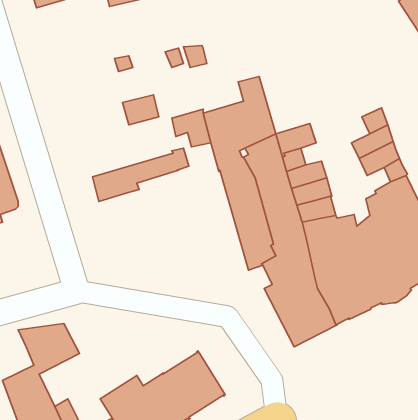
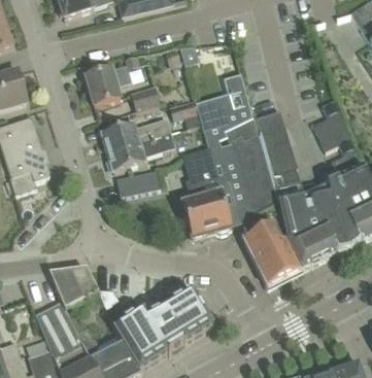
building: none -> [84,65,130,106]
building: none -> [101,117,171,151]
building: none -> [181,146,231,239]
building: none -> [115,169,160,196]

